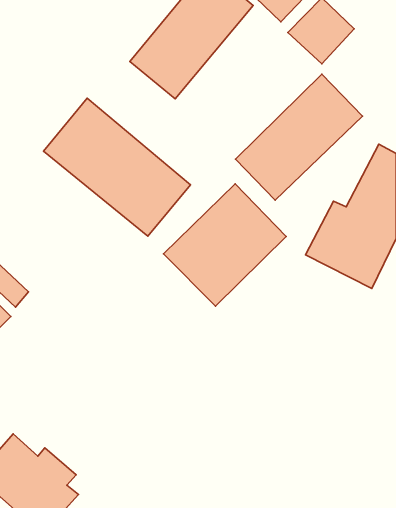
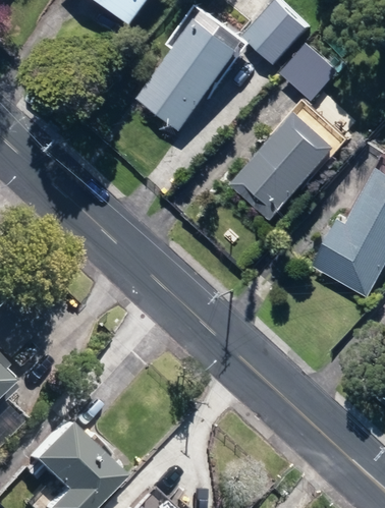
building: [44,98,190,236] -> none
building: [164,184,286,306] -> none

